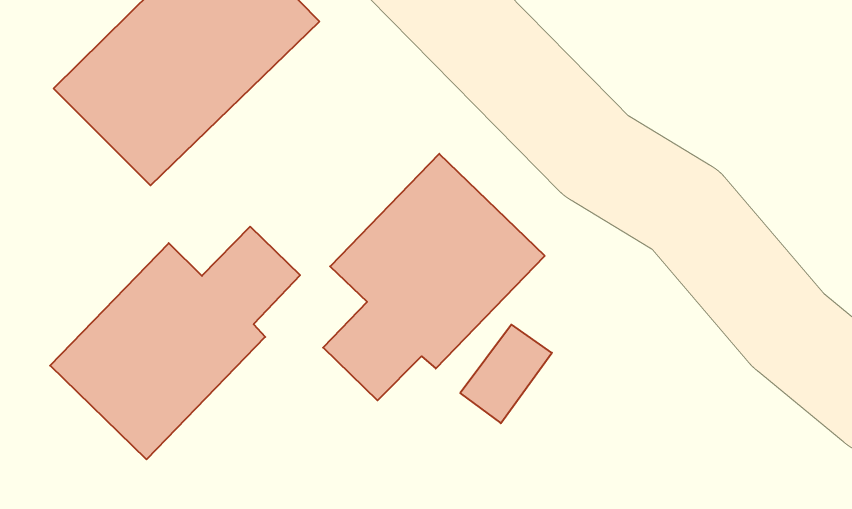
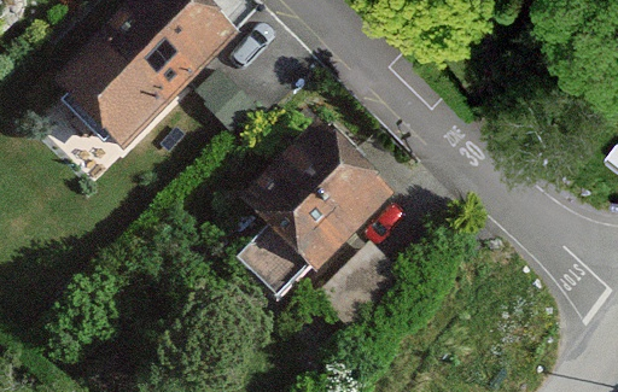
building: [50,227,300,459] -> none

